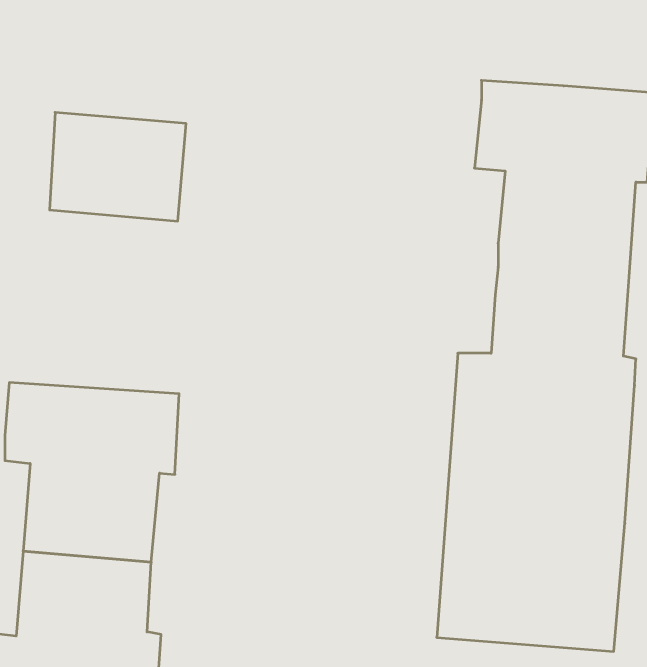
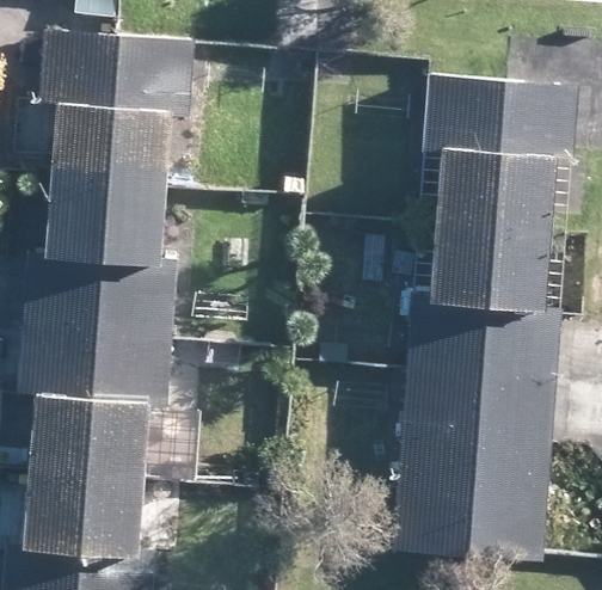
building: none -> [41,31,192,110]
building: none -> [23,184,176,342]

